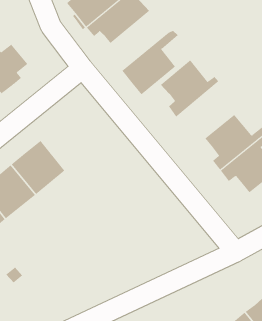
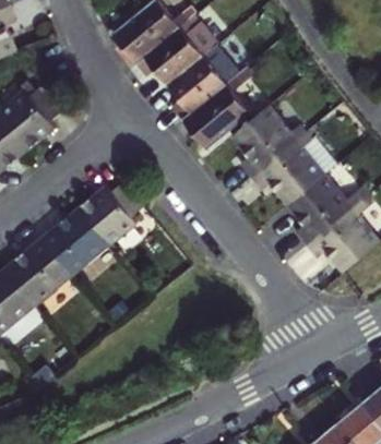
building: none -> [167,44,240,119]
building: none -> [250,128,336,204]
building: none -> [80,181,144,244]

